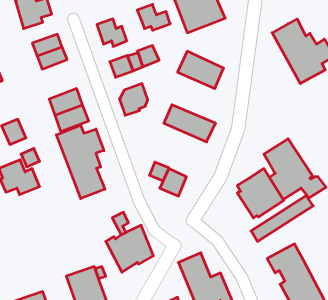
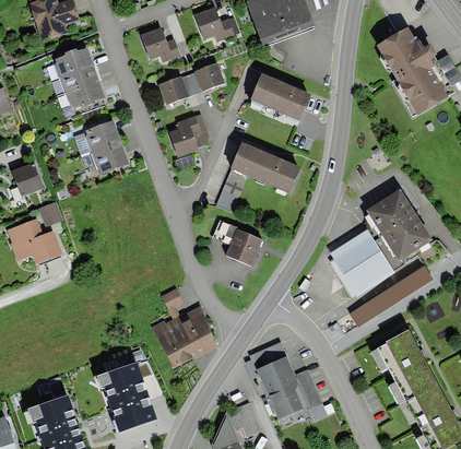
building: none -> [66,81,106,111]
building: [56,125,105,199] -> none
building: none -> [215,170,247,213]

